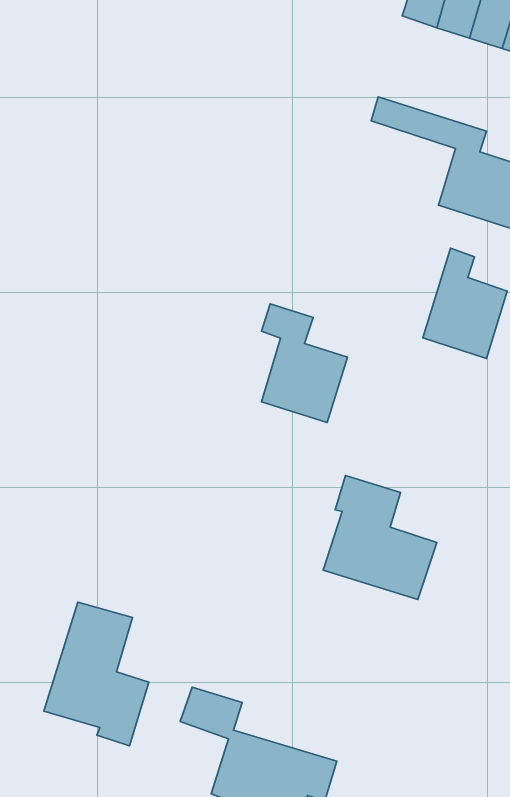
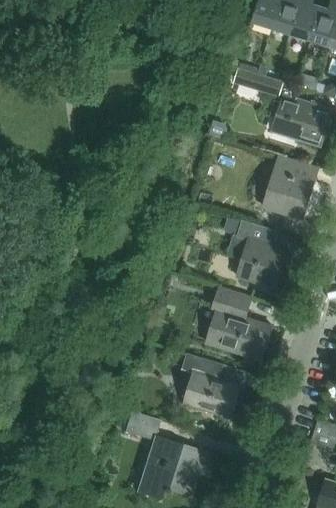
building: [262,304,348,423] -> [237,220,287,289]
building: none -> [182,354,237,417]
building: [44,602,149,746] -> none

